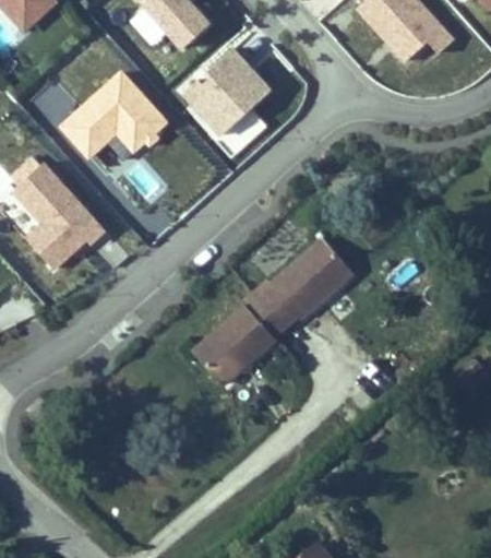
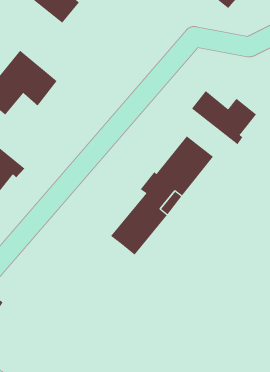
building: [178,49,274,158] -> none
building: none -> [191,90,257,145]

